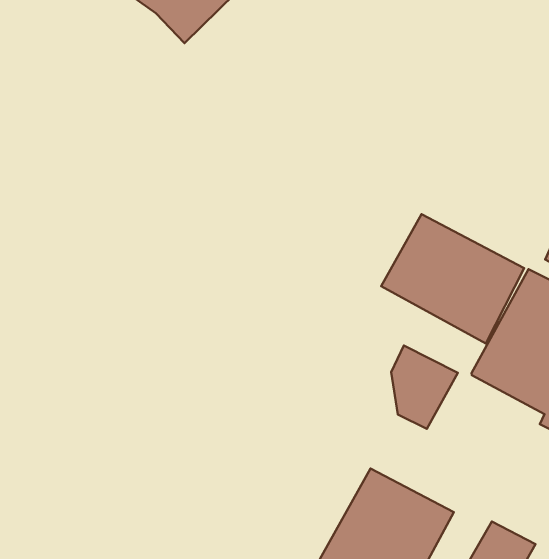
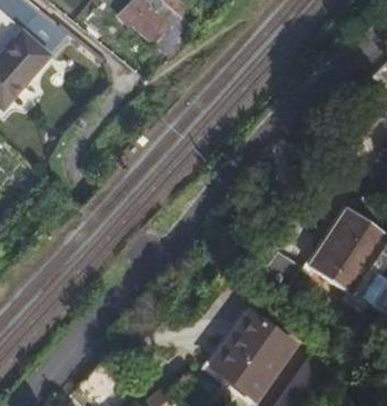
building: [381,214,524,344] -> none

